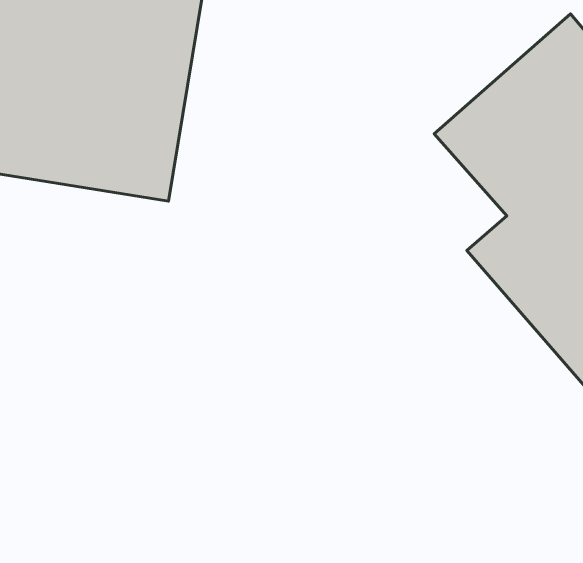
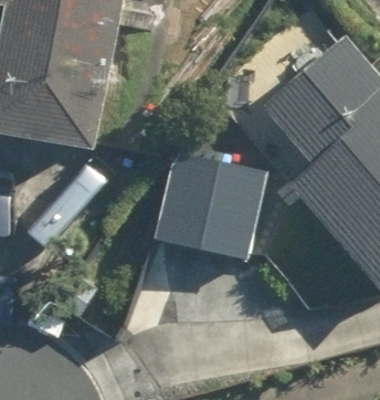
building: none -> [155,148,266,261]

